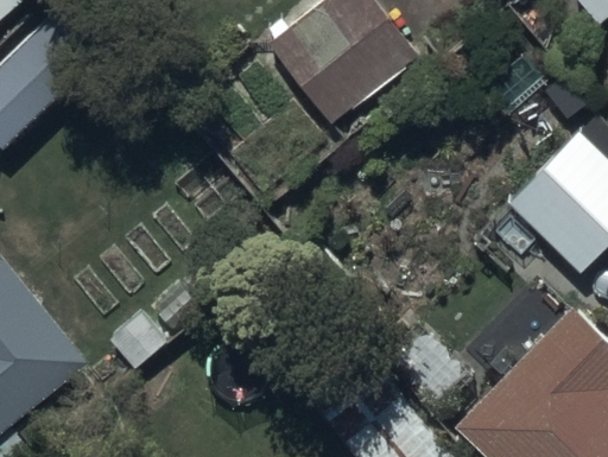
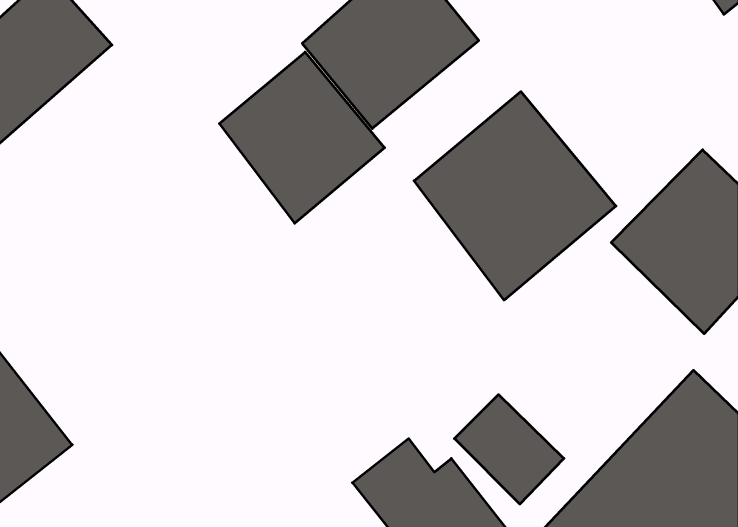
building: none -> [219,52,385,223]
building: none -> [414,92,616,300]

